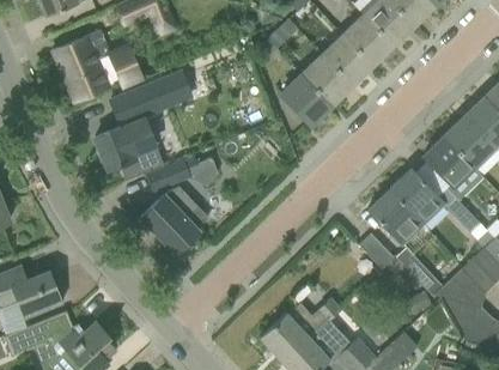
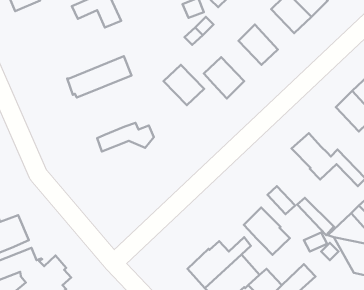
building: [343,14,392,65] -> none
building: [53,30,144,103] -> none
building: [302,54,352,104] -> [164,65,204,105]
building: [95,119,163,181] -> none
building: [422,137,473,187] -> none
building: [140,188,201,254] -> none
building: [367,188,425,247] -> [244,208,290,255]

